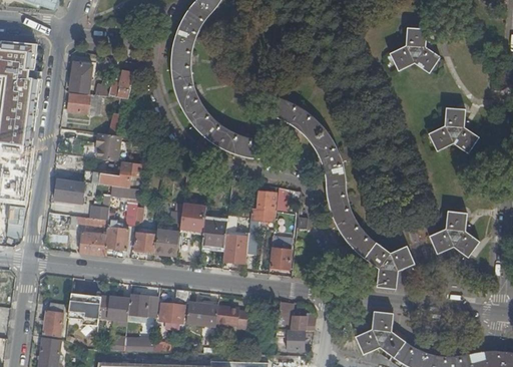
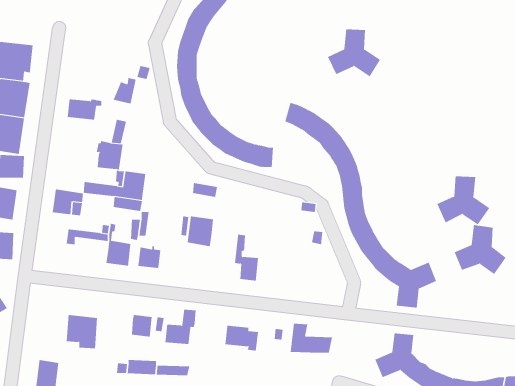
building: [390,27,440,72] -> [327,29,381,77]
building: [70,62,93,93] -> none
building: [429,107,479,153] -> [437,176,490,225]
building: [248,192,277,243] -> none
building: [201,219,227,248] -> none
building: [154,229,179,253] -> none
building: [80,232,106,256] -> none
building: [271,236,291,269] -> none
building: [98,296,129,325] -> none
building: [43,303,64,337] -> none
building: [185,303,217,327] -> none
building: [277,330,305,351] -> none

